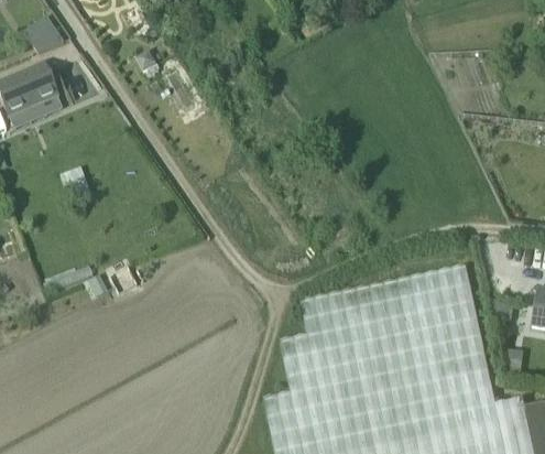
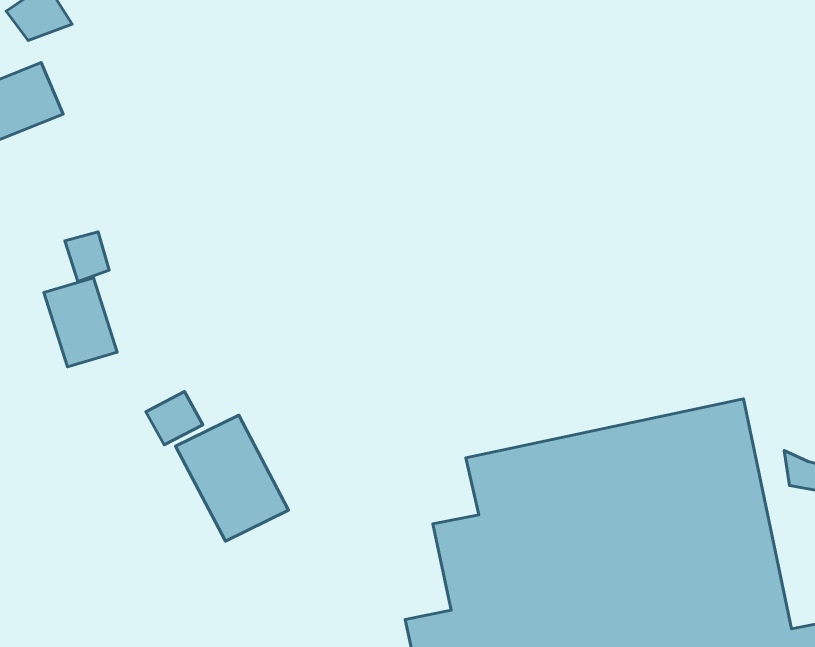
building: none -> [44,278,117,367]
building: none -> [176,415,289,541]

